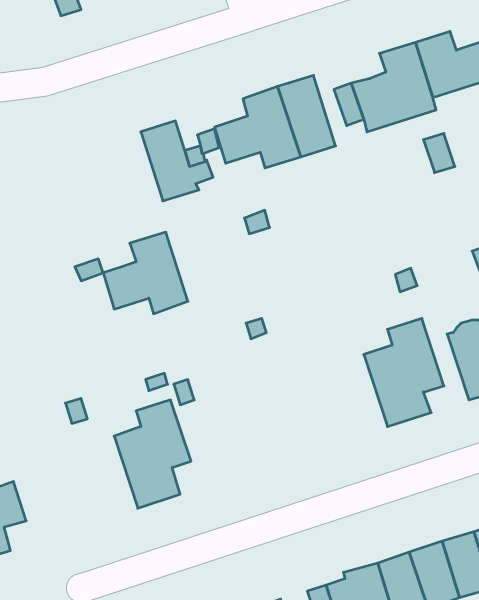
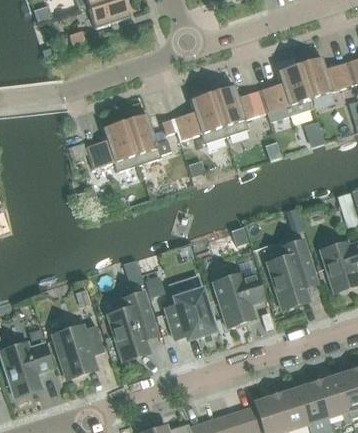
building: [103,232,188,314] -> [84,120,138,172]
building: none -> [213,272,264,326]
building: none -> [164,289,215,340]
building: none -> [52,323,104,378]

